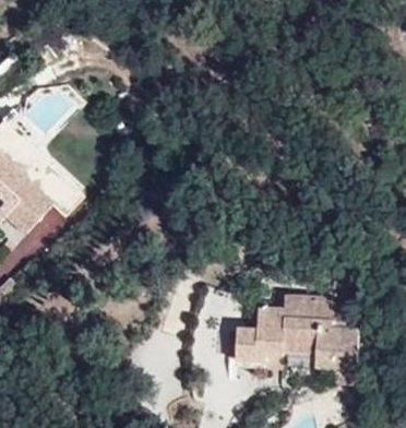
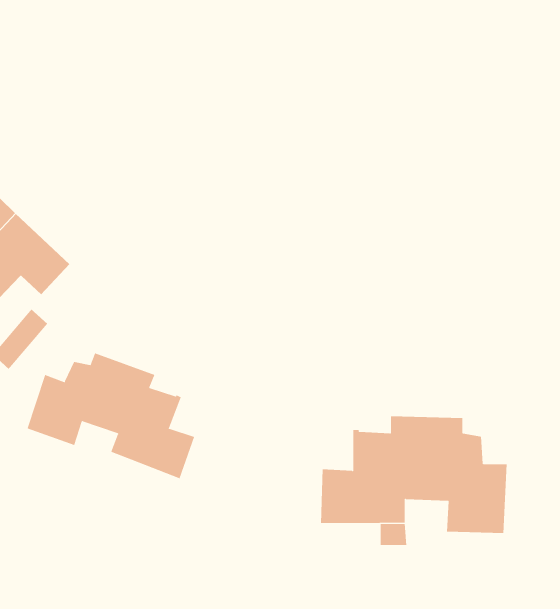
building: none -> [27,353,195,479]

